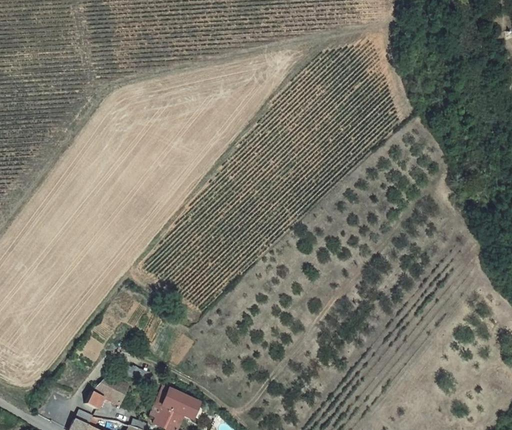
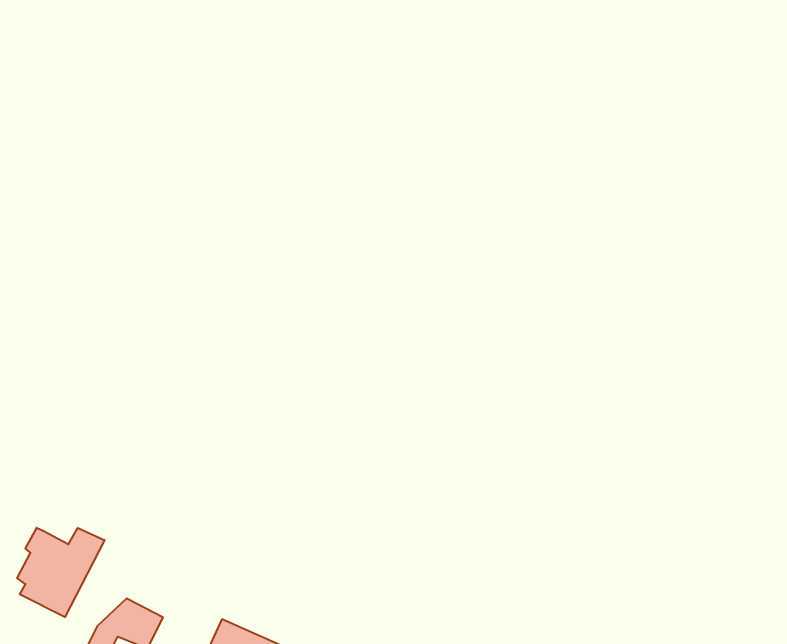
building: none -> [17,528,105,617]

